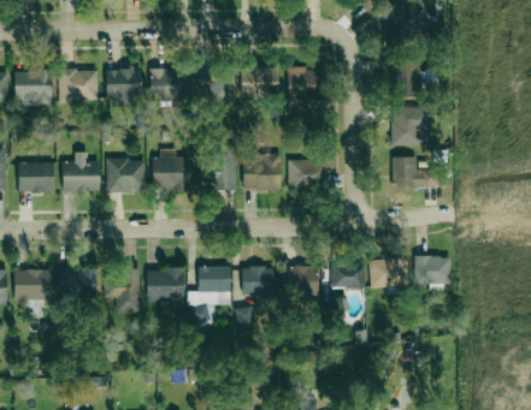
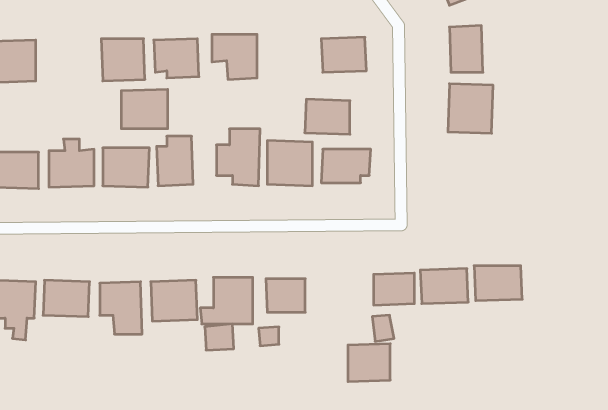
building: [241,67,278,96] -> [305,99,350,134]
building: [59,69,98,101] -> [121,89,168,129]
building: [394,156,441,189] -> none
building: [283,266,318,297] -> [348,344,390,382]

